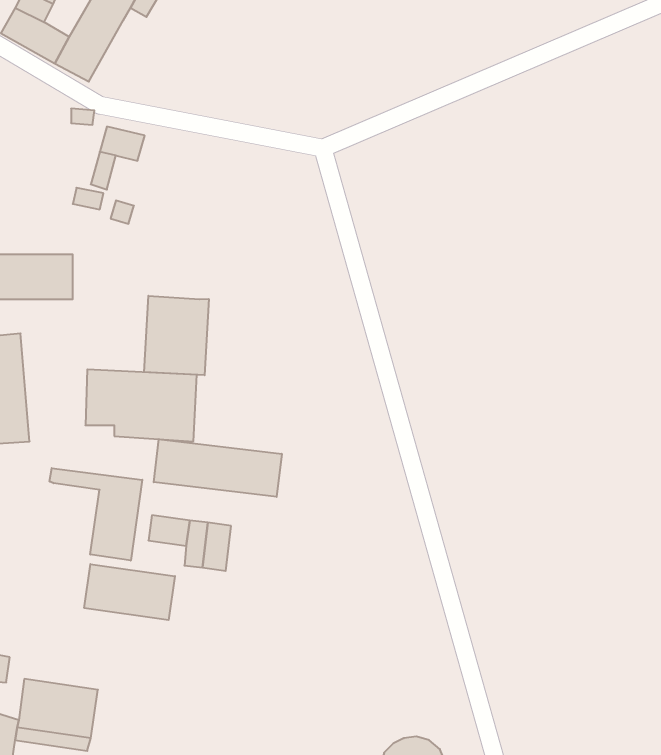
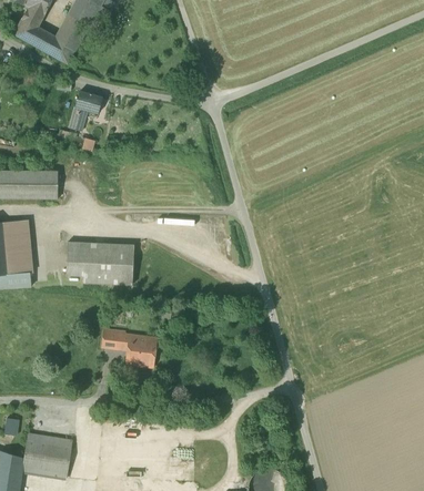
building: [144,296,209,375] -> none
building: [154,439,282,497] -> none
building: [50,468,142,561] -> none
building: [84,564,175,620] -> none

